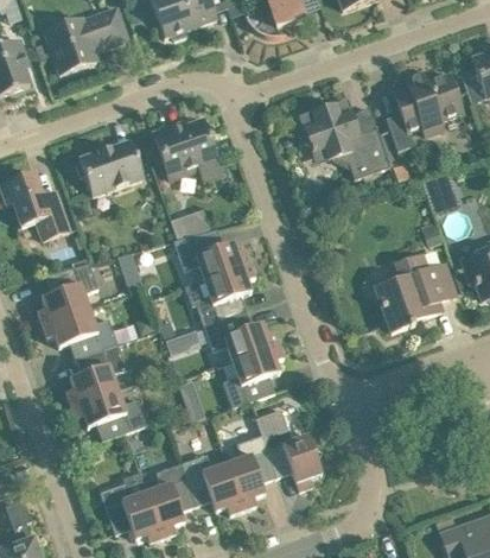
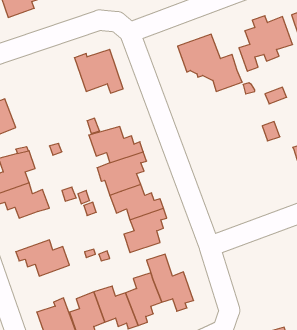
building: [76,140,144,196] -> none
building: [375,255,456,332] -> none
building: [65,344,126,406] -> none

